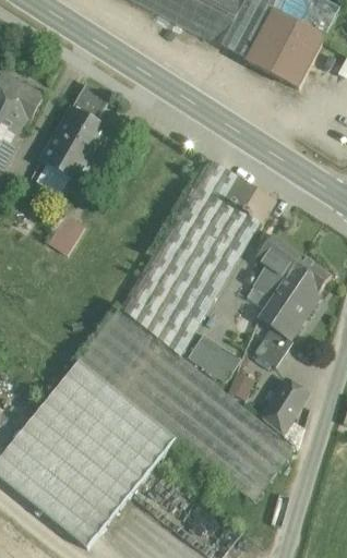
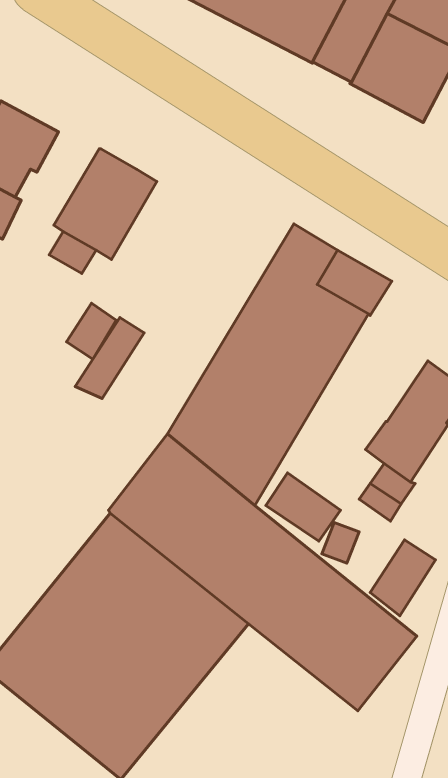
building: [72,82,110,120] -> none
building: none -> [75,317,144,398]
building: [252,233,301,296] -> none

